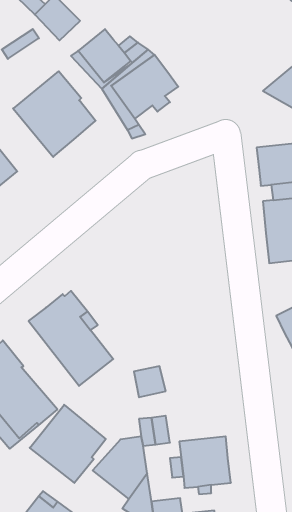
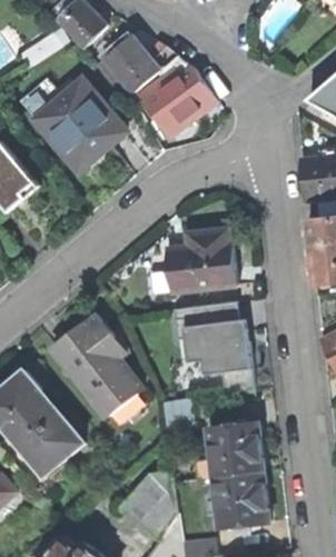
building: none -> [167,228,236,290]
building: none -> [180,300,264,389]
building: none -> [208,422,264,477]
building: [30,405,106,483] -> none

